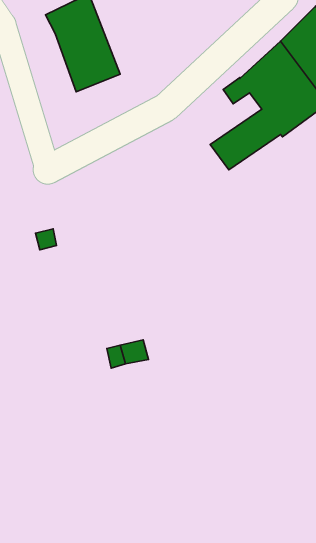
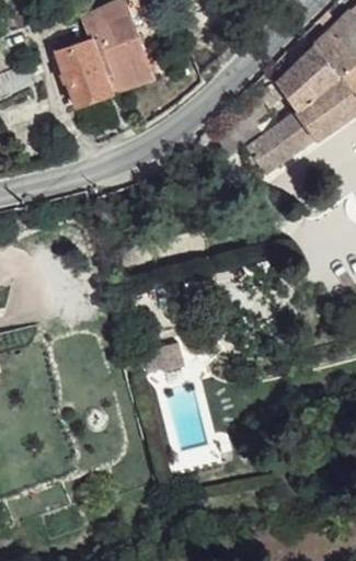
building: none -> [53,37,111,108]

